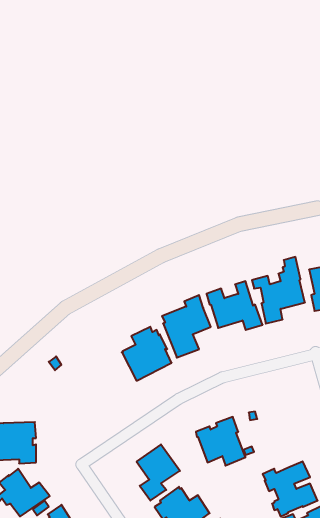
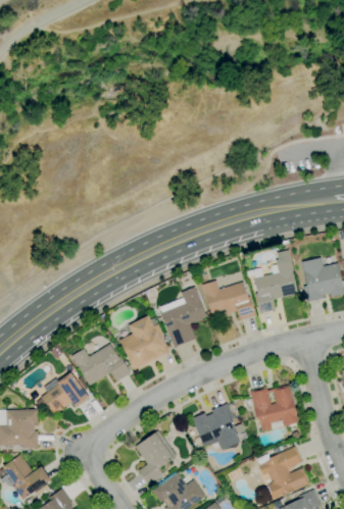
building: none -> [71,344,131,386]
building: none -> [41,372,89,415]
building: none -> [250,386,298,431]

